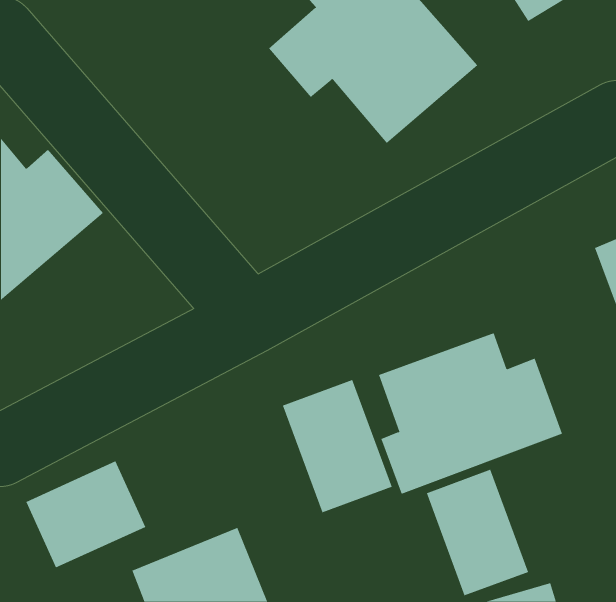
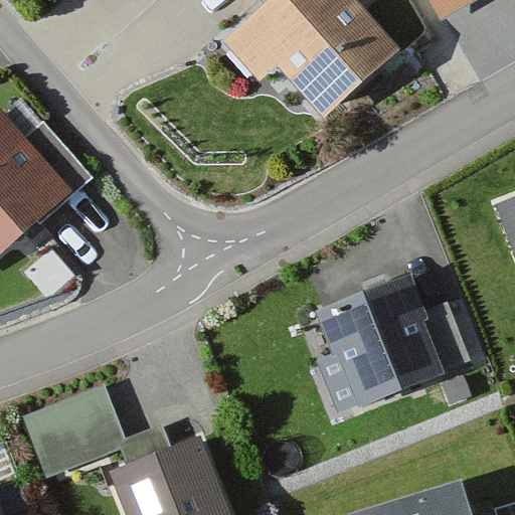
building: [282,379,393,513] -> none
building: [426,469,529,596] -> none

